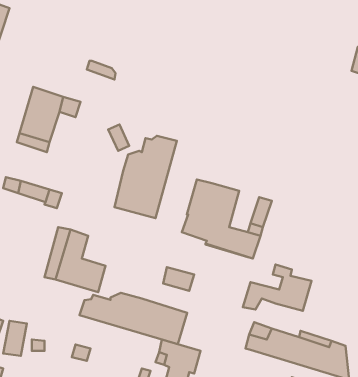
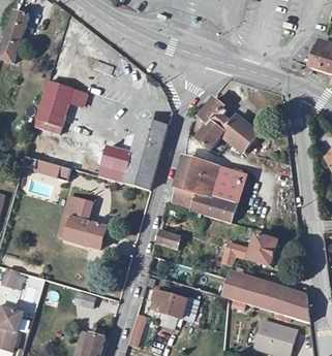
building: none -> [195,97,256,150]
building: none -> [99,145,122,180]
building: [79,293,187,344] -> none

